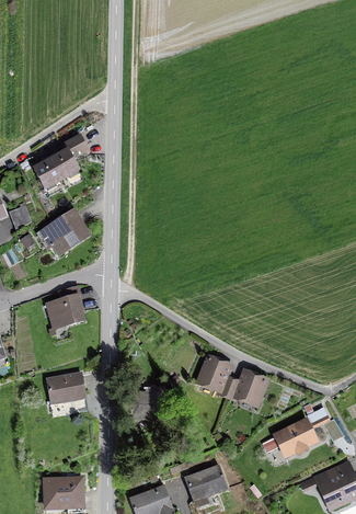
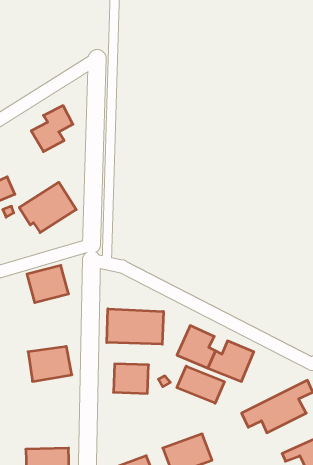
building: [32,158,60,189] -> none
building: none -> [107,309,163,344]
building: none -> [177,366,224,403]

